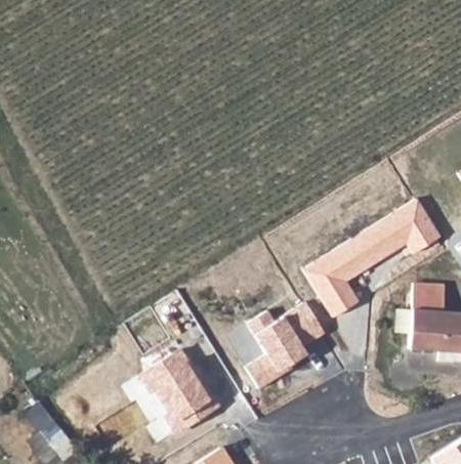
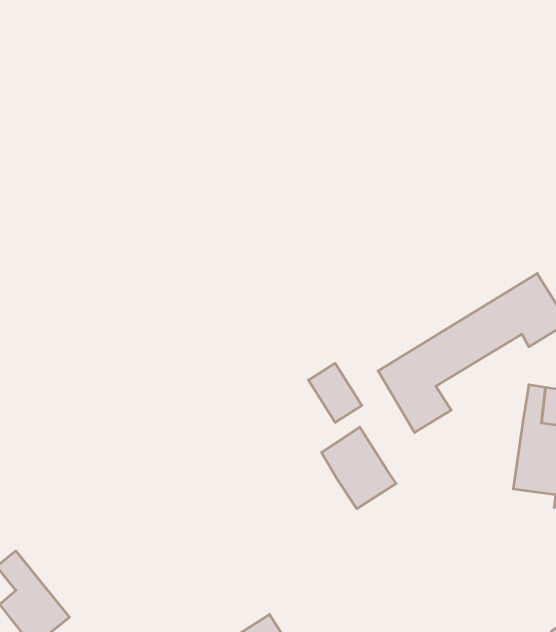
building: [290,299,329,342] -> [308,363,362,422]
building: [144,346,221,431] -> none
building: [247,349,288,388] -> none

